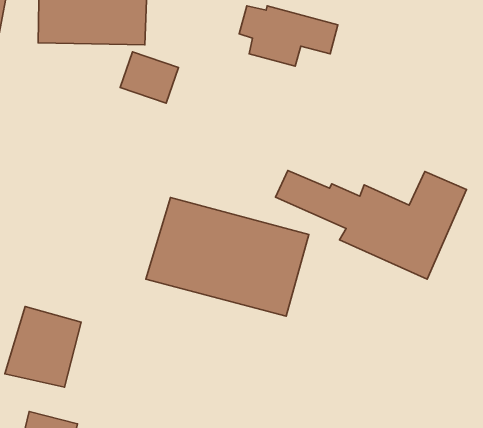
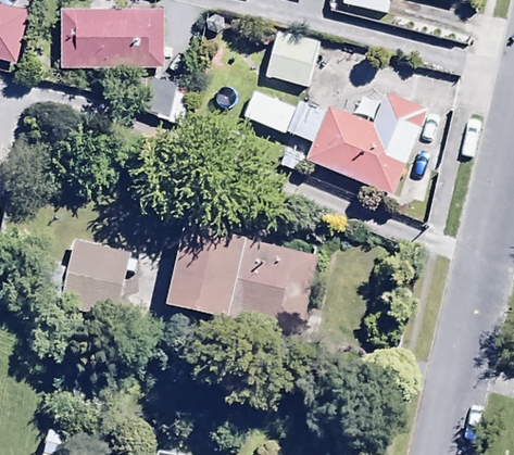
building: [276,170,466,279] -> [242,90,427,195]
building: [5,306,81,387] -> [58,238,131,316]

